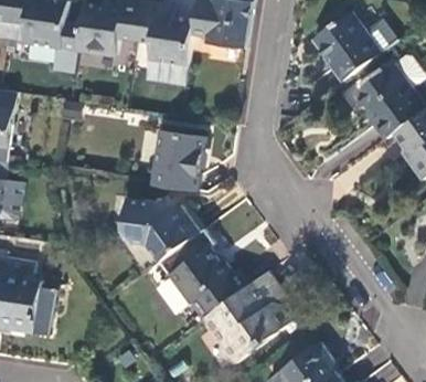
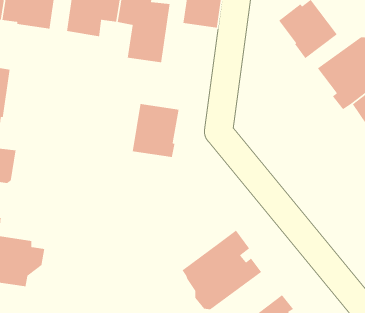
building: [121,181,195,264] -> none
building: [168,245,245,319] -> none

